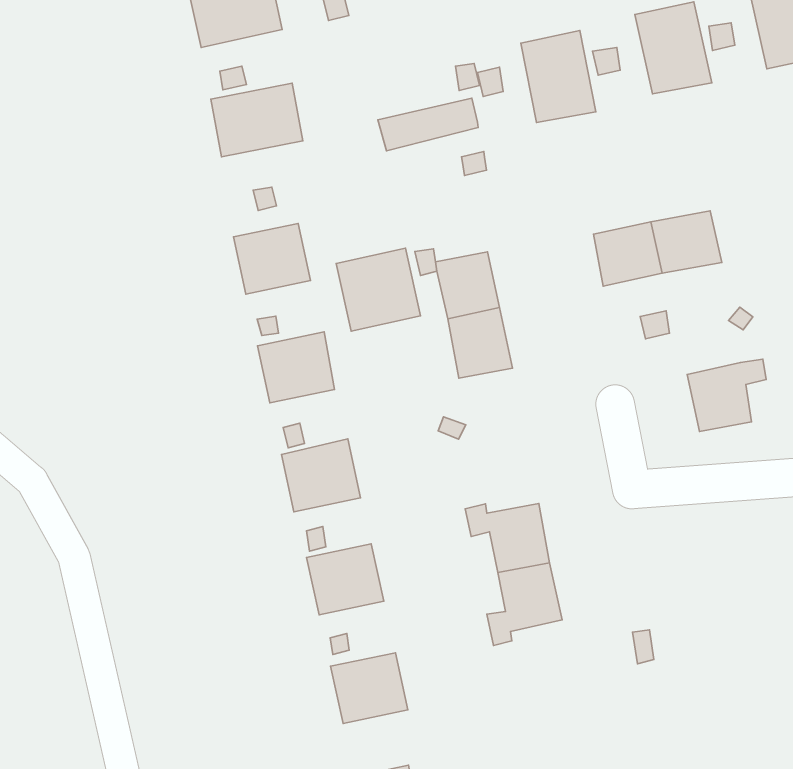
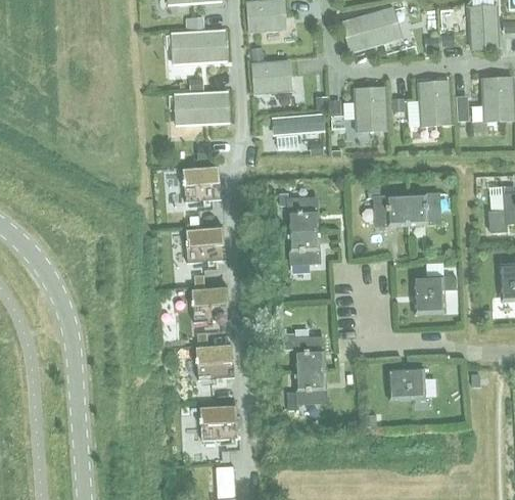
building: none -> [249,59,290,94]
building: [336,248,421,331] -> none
building: none -> [391,368,424,398]

